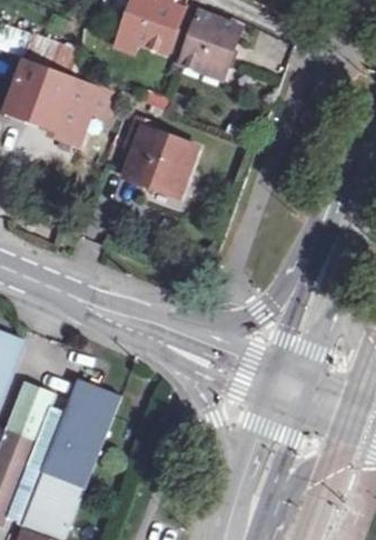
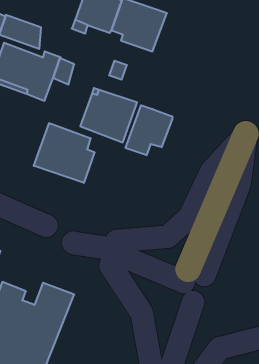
building: none -> [126,105,172,155]
building: none -> [34,123,95,183]

